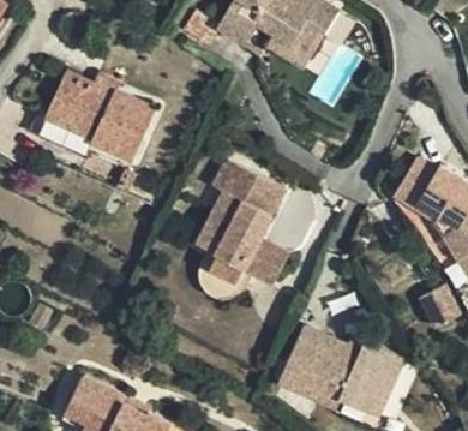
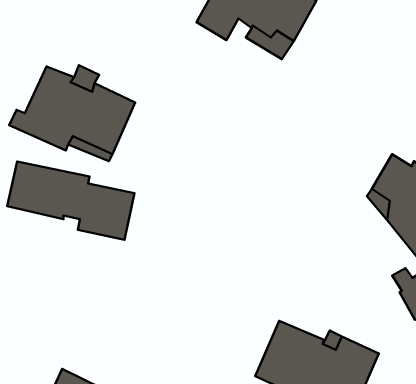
building: [200,161,293,303] -> none
building: none -> [7,162,135,240]

